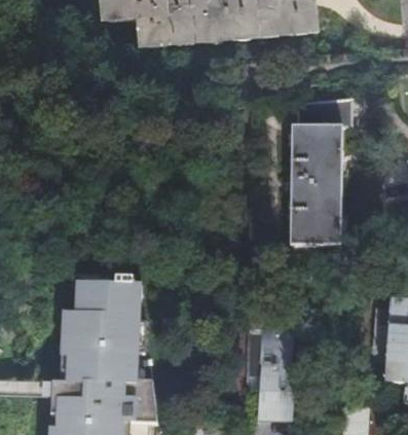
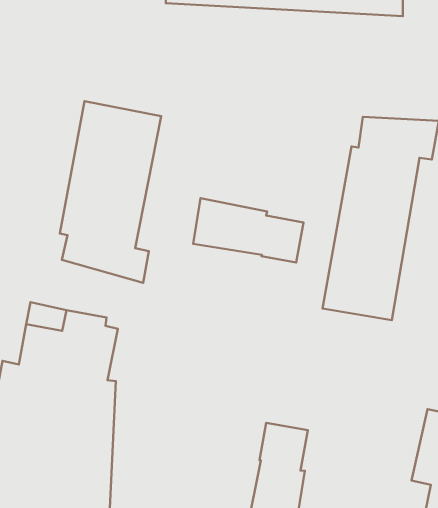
building: none -> [60,101,161,283]
building: none -> [193,198,304,262]

